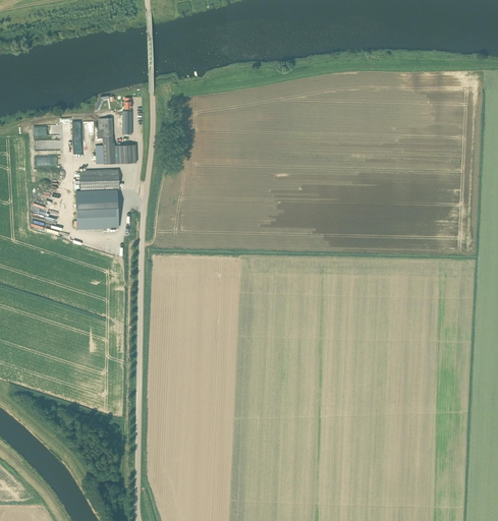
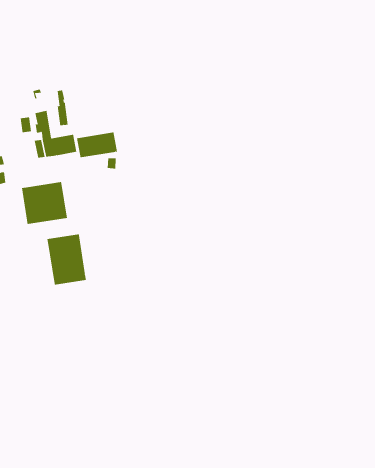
building: [79,170,119,191] -> [76,132,118,158]
building: none -> [47,233,86,286]

